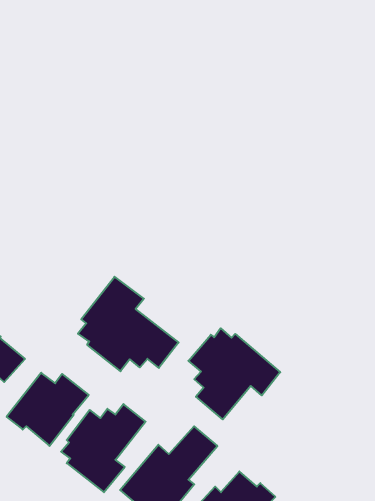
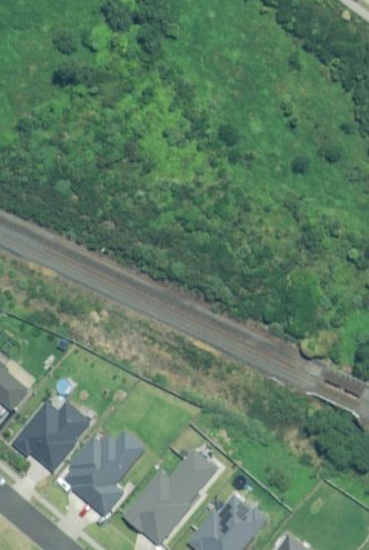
building: [78,277,179,371] -> none
building: [188,328,280,419] -> none

